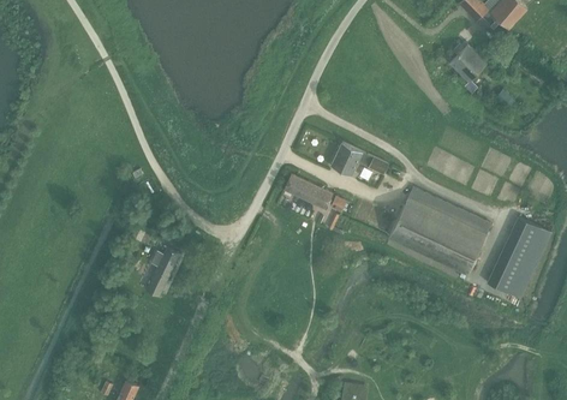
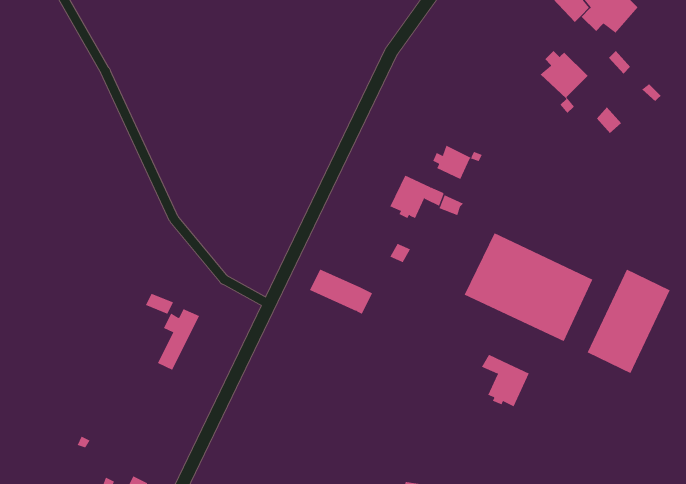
building: none -> [432,145,482,180]
building: [284,174,334,210] -> [309,269,373,314]
building: none -> [481,354,530,407]

